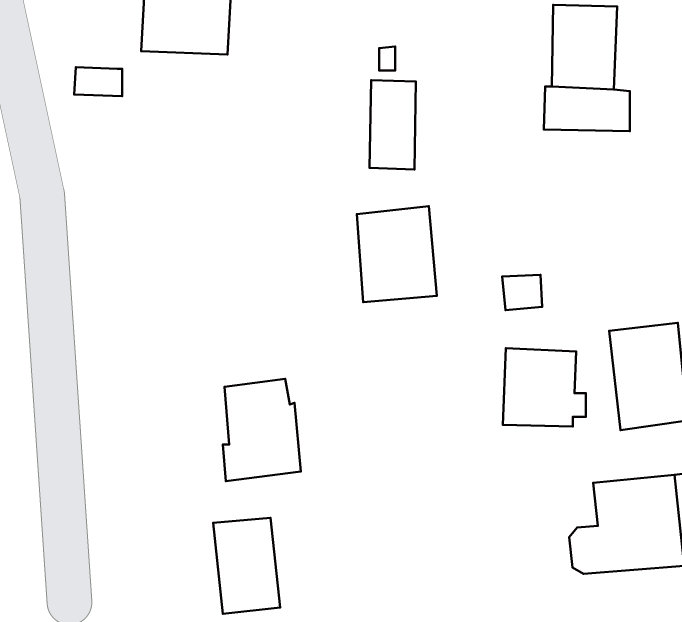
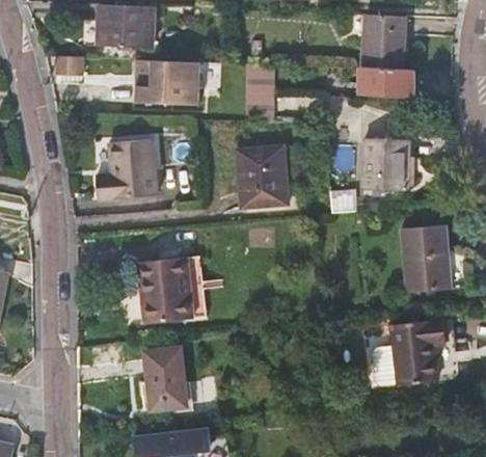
building: none -> [136,57,201,103]
building: none -> [93,138,156,198]
building: [503,348,586,427] -> [362,138,416,189]

